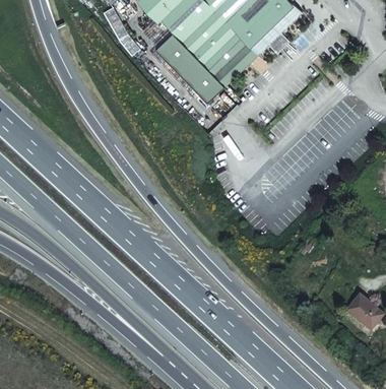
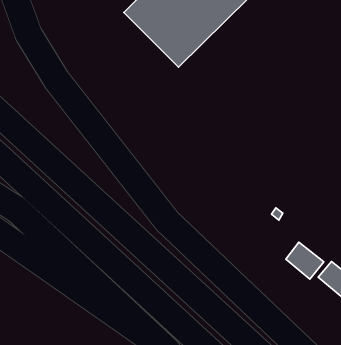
building: none -> [286,242,324,279]

